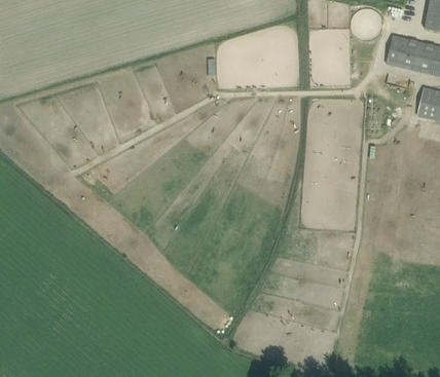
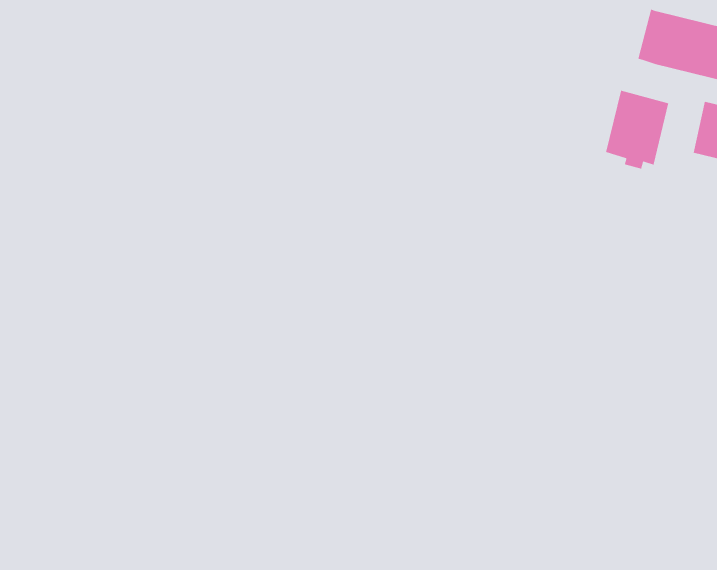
building: none -> [606,90,669,170]

